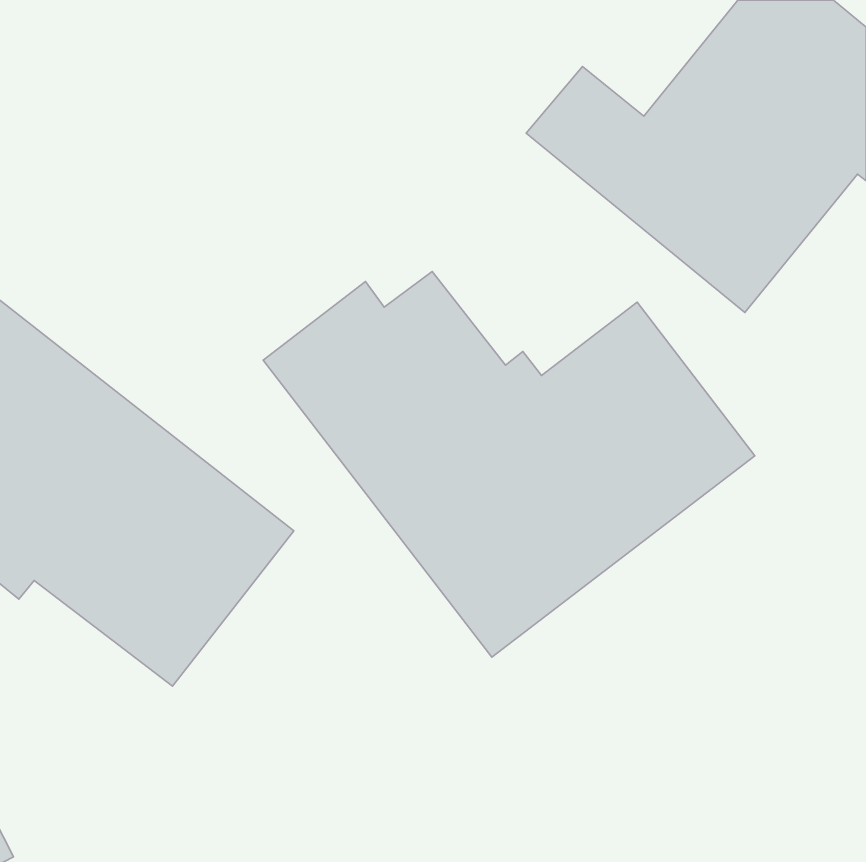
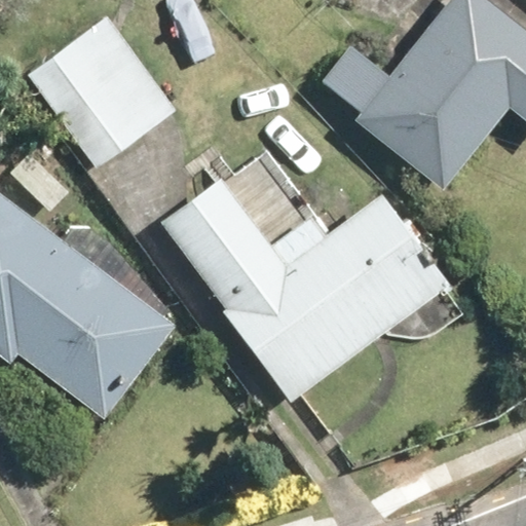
building: none -> [30,16,174,164]

